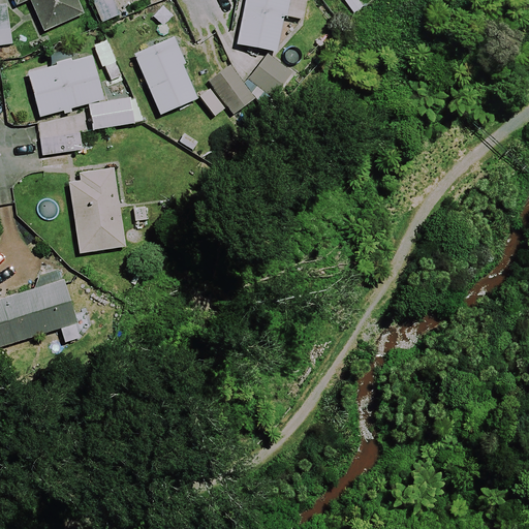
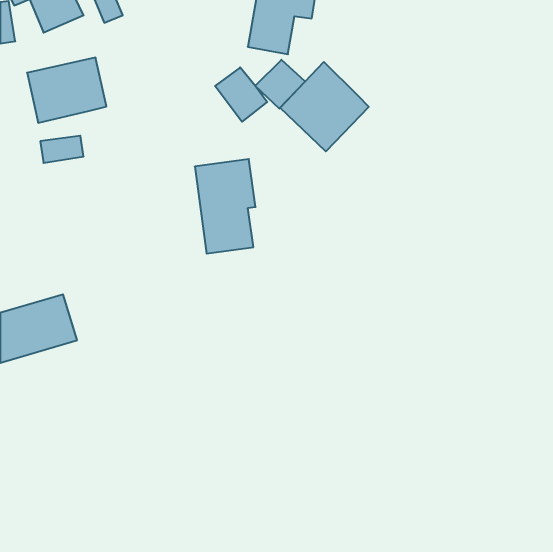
building: [133,36,196,115] -> none
building: none -> [280,62,369,151]
building: [87,97,132,130] -> none
building: [68,162,126,252] -> [195,159,256,254]

